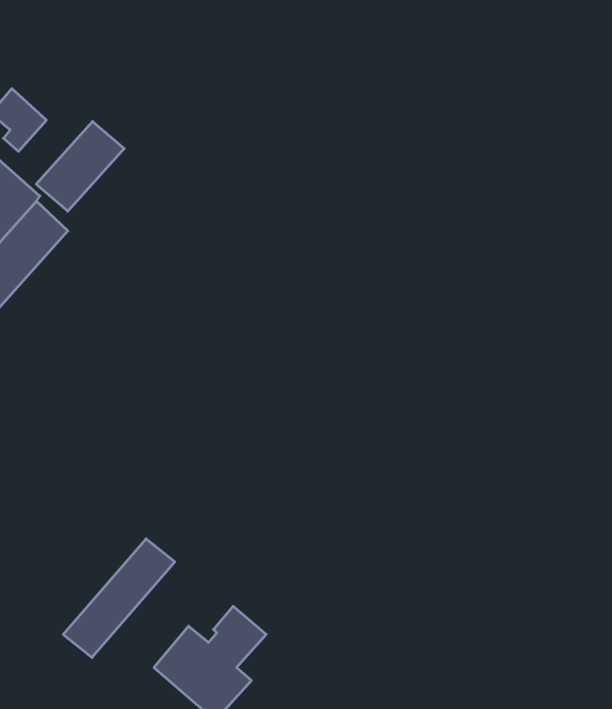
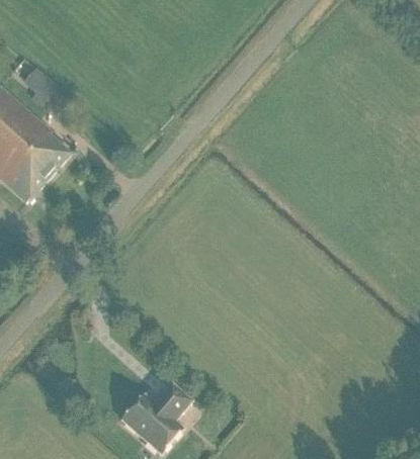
building: [36,121,124,211] -> none
building: [63,539,175,658] -> none

